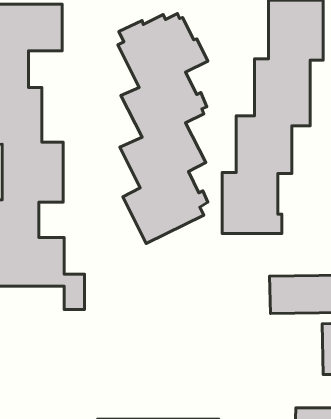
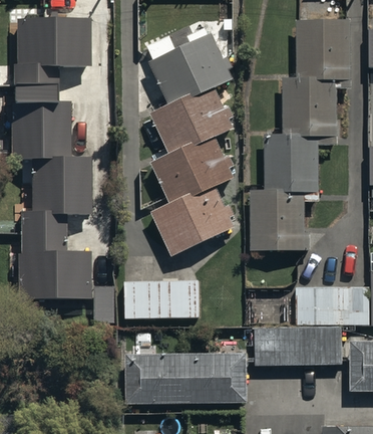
building: none -> [125,281,201,320]
building: none -> [253,331,342,372]
building: none -> [125,351,246,402]

